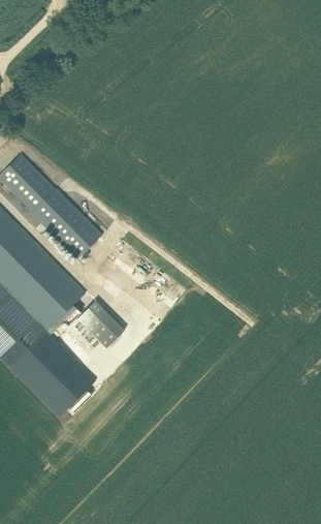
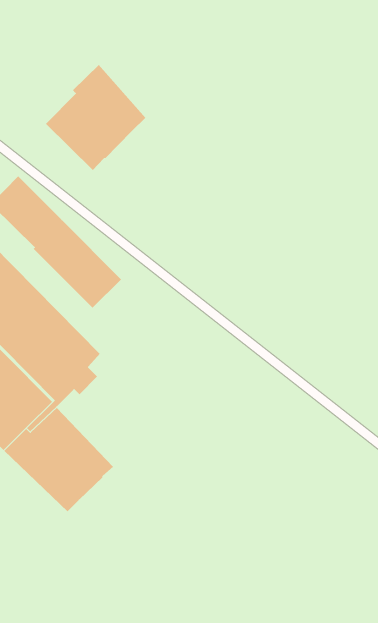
building: none -> [45,64,146,171]
building: [78,300,125,347] -> none

